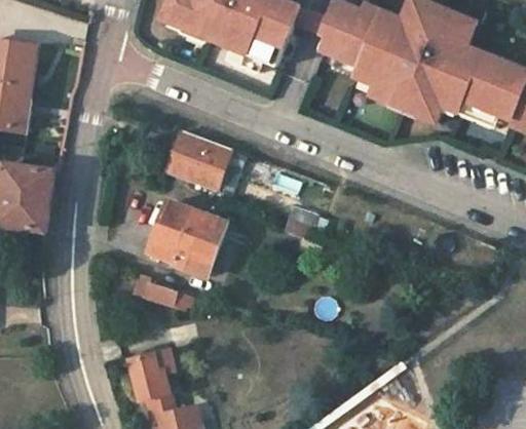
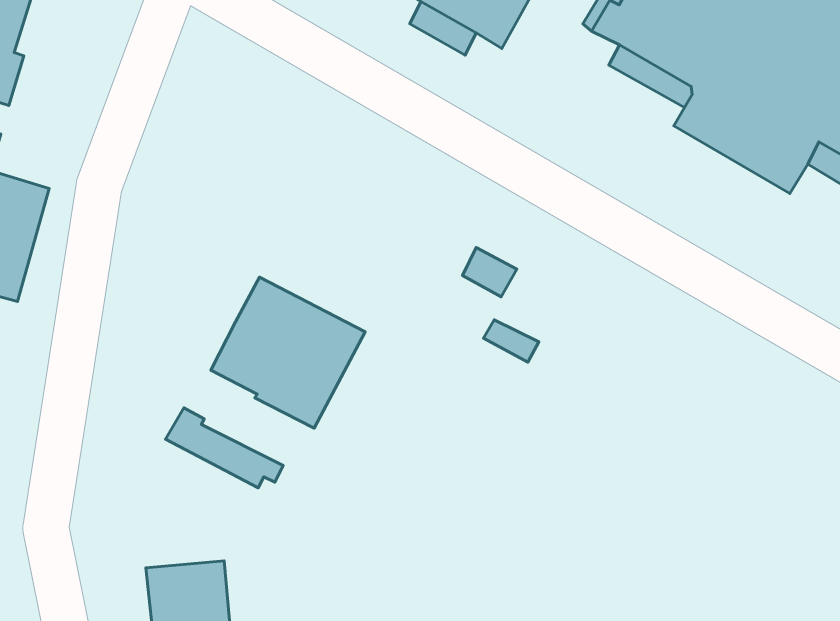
building: [165,130,230,192] -> none

